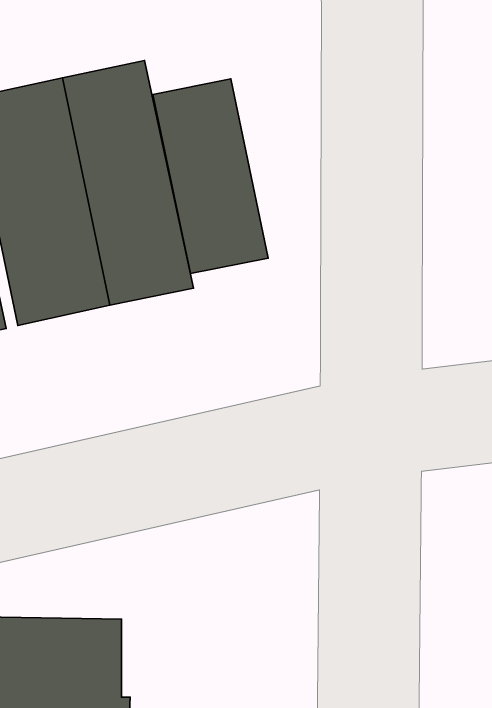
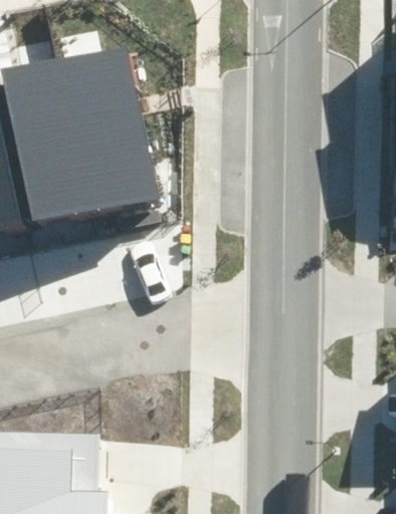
building: [153,79,268,274] -> none

